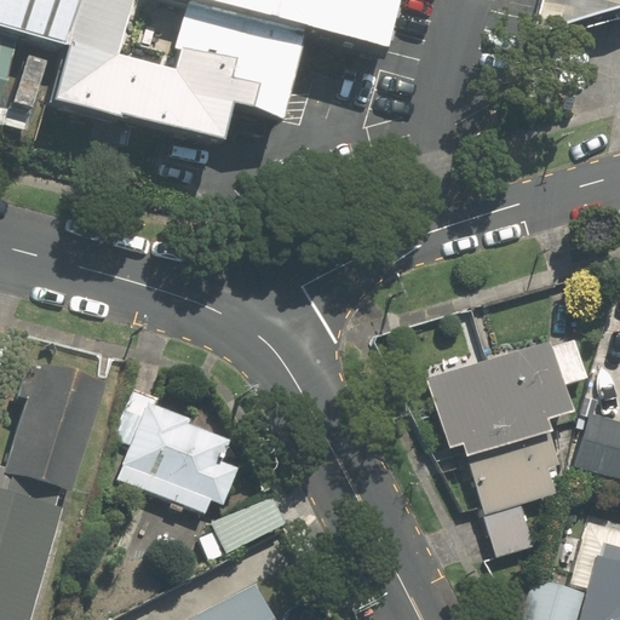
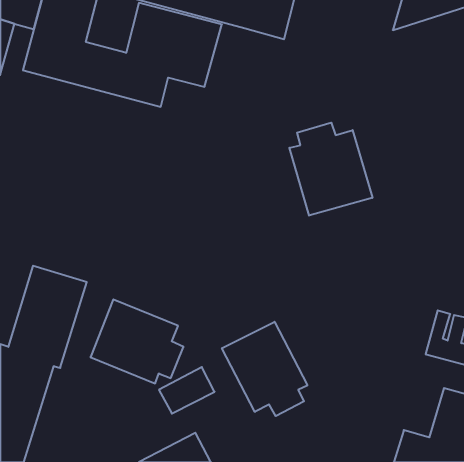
building: none -> [289,123,372,216]
building: [420,339,581,559] -> none
building: none -> [222,322,307,416]

